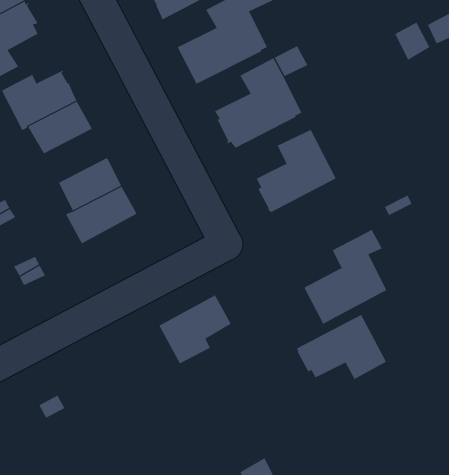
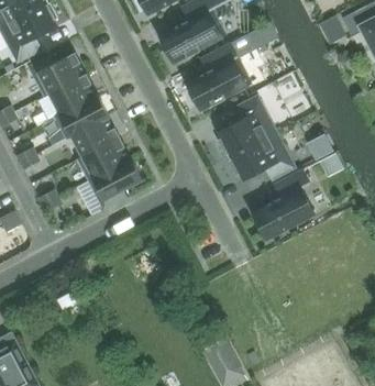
building: none -> [55,95,110,140]
building: [159,294,232,364] -> [89,158,143,210]
building: [296,314,387,380] -> [229,133,296,181]

